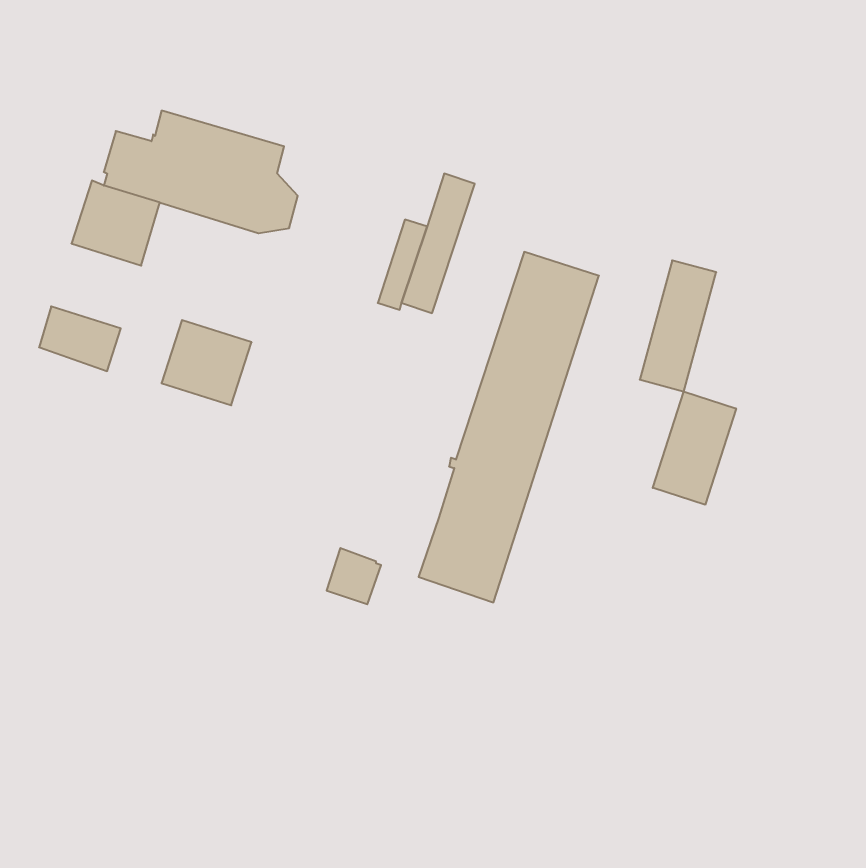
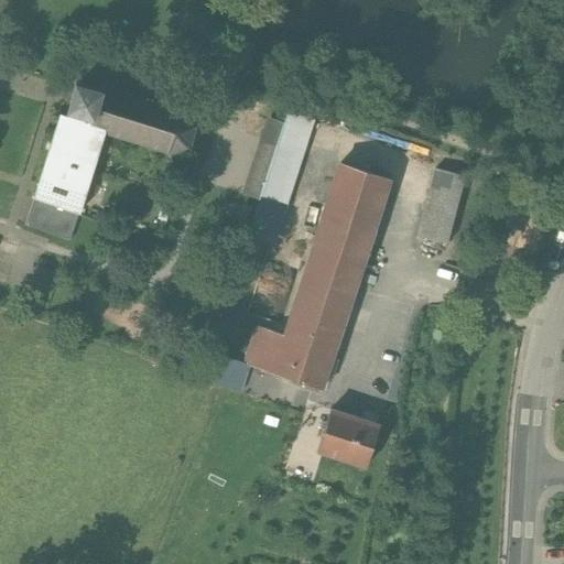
building: [161,320,252,405] -> [35,158,94,213]
building: [653,391,736,505] -> none
building: none -> [246,326,286,373]
building: none -> [318,410,380,468]

